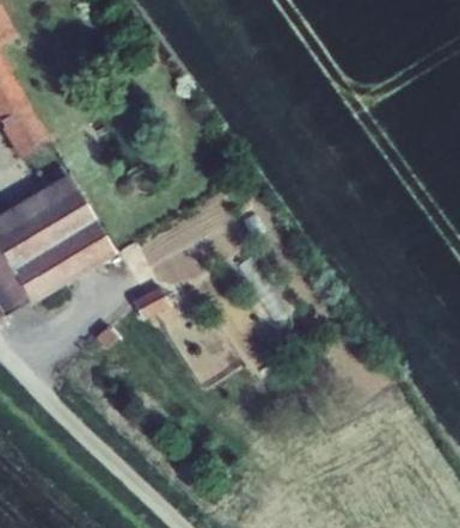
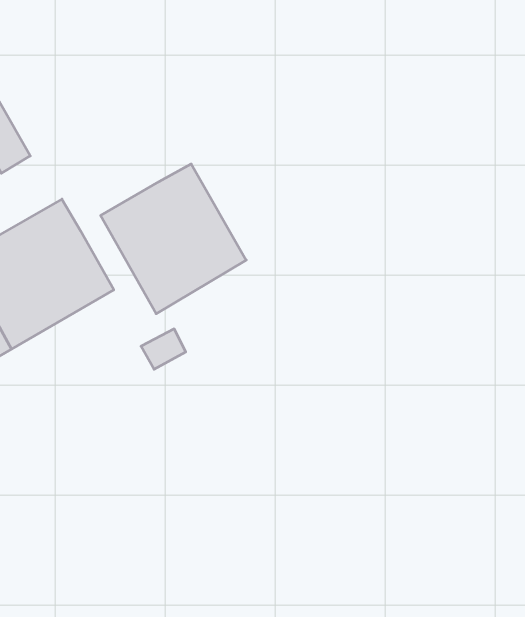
building: none -> [101,164,246,314]

